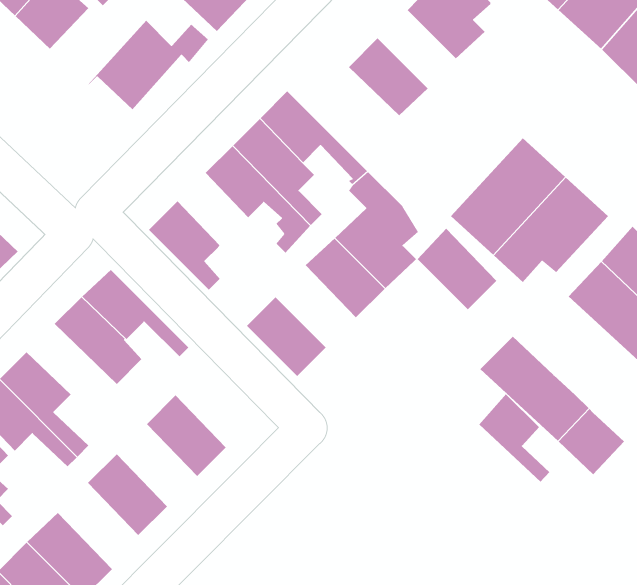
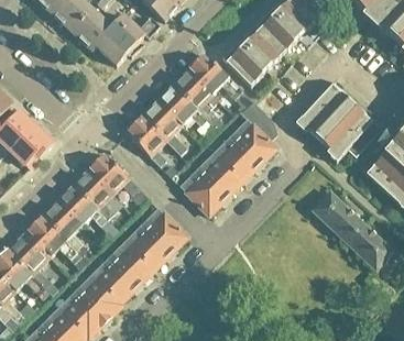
building: none -> [70,8,124,51]
building: none -> [254,9,298,53]
building: none -> [222,41,266,85]
building: none -> [142,100,187,154]
building: [417,228,497,310] -> [197,152,242,198]
building: none -> [57,185,119,240]
building: none -> [141,208,187,254]
building: [478,393,550,483] -> none
building: none -> [108,241,153,287]
building: none -> [75,274,122,322]

